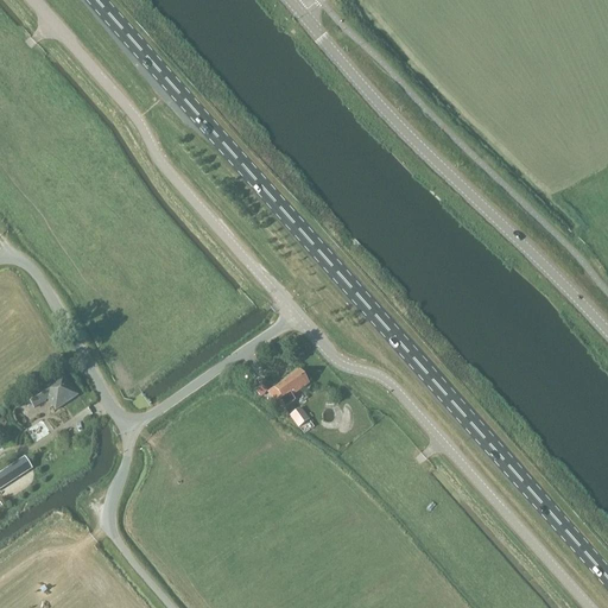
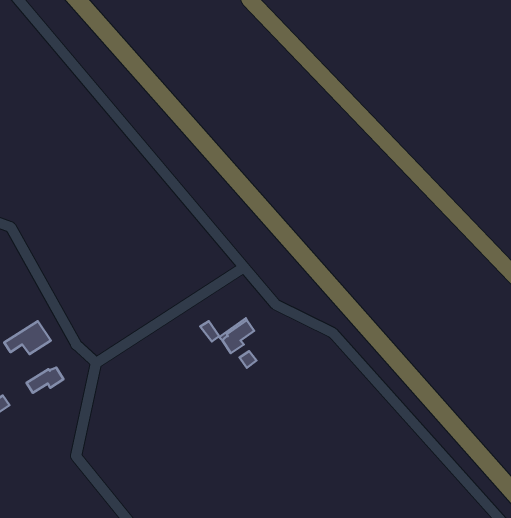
building: none -> [27,367,64,393]

